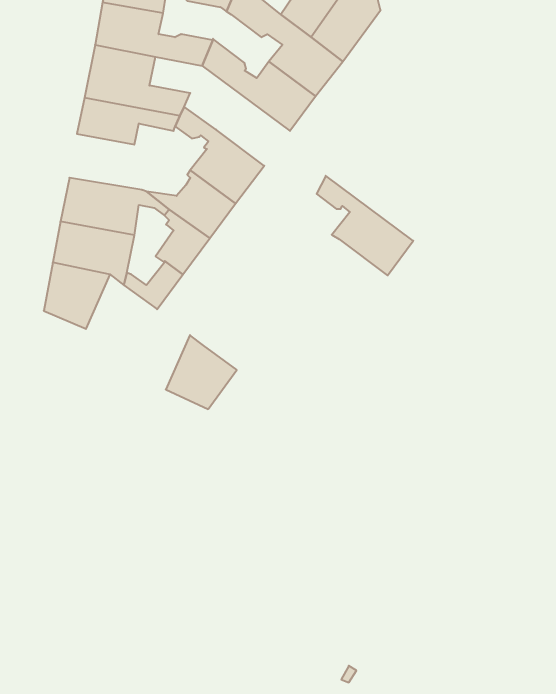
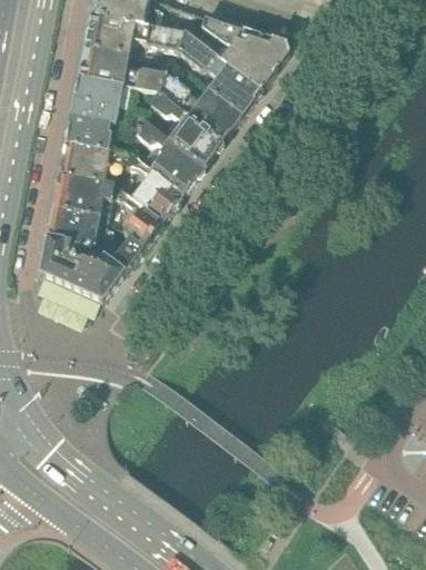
building: none -> [60,140,149,181]
building: [317,176,413,275] -> [151,90,222,164]
building: [166,335,237,409] -> [72,244,125,298]

